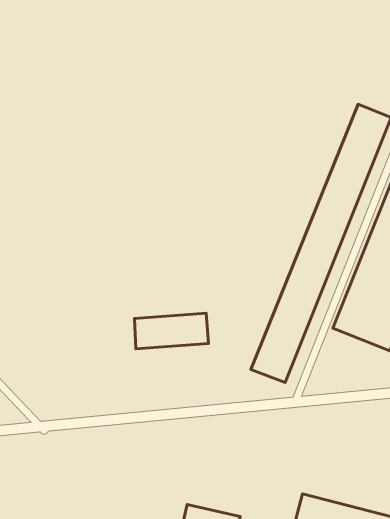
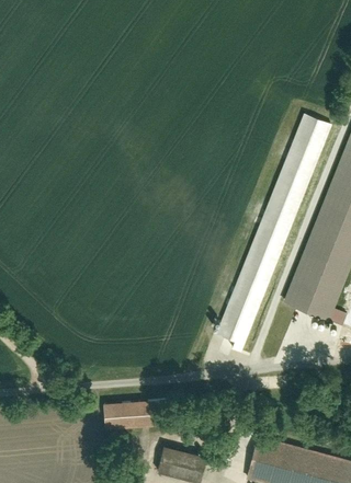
building: [134,313,209,349] -> [102,400,163,429]

